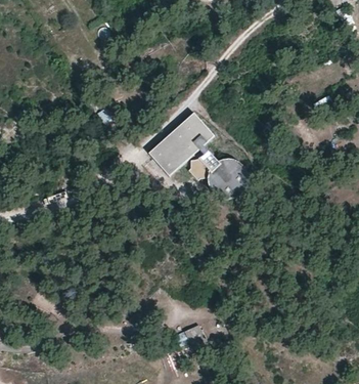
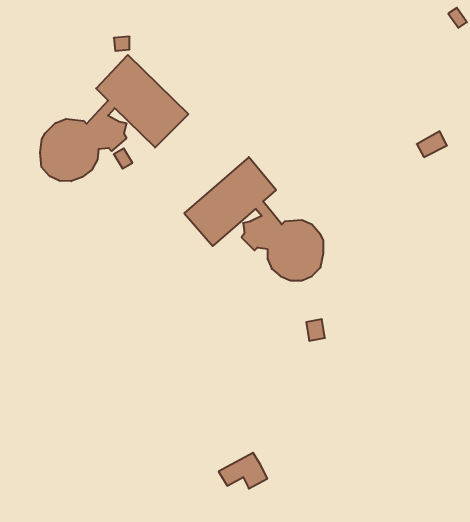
building: none -> [40,55,188,181]

